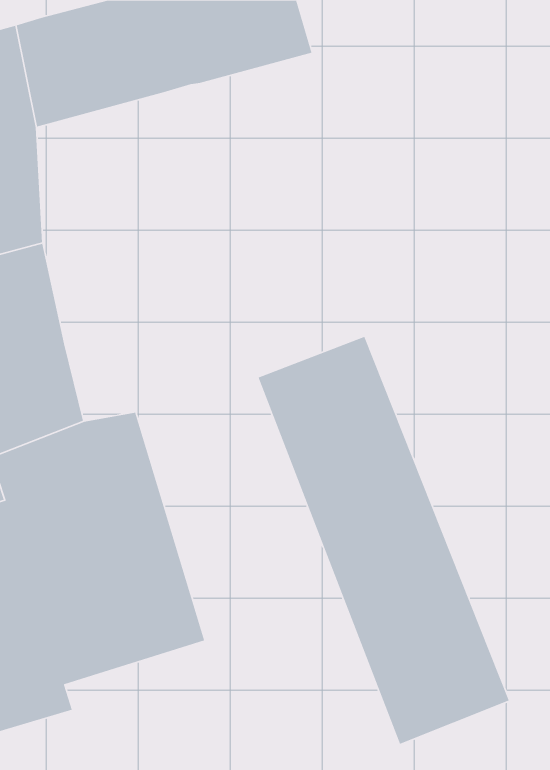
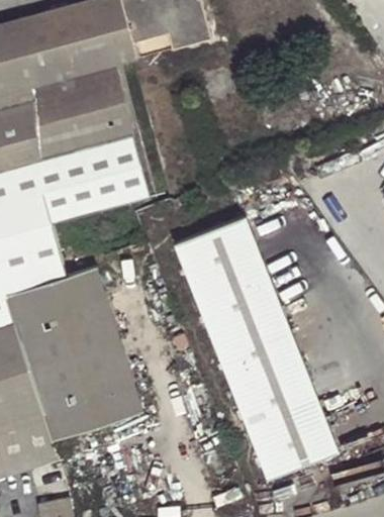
building: none -> [34,63,153,223]

